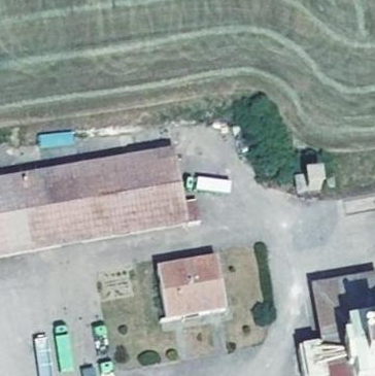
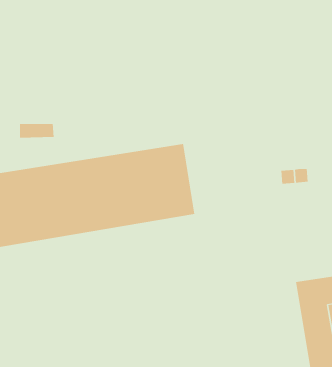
building: [159,260,227,315] -> none

